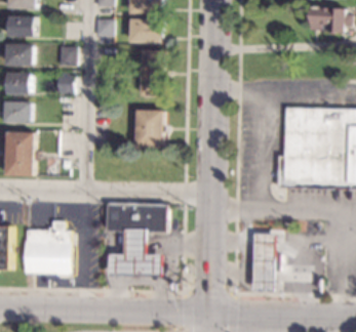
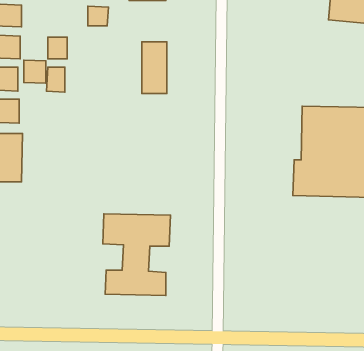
building: [129,18,163,42] -> none
building: none -> [24,60,46,83]
building: [135,110,162,147] -> none
building: [24,221,69,276] -> none
building: [252,234,278,291] -> none

